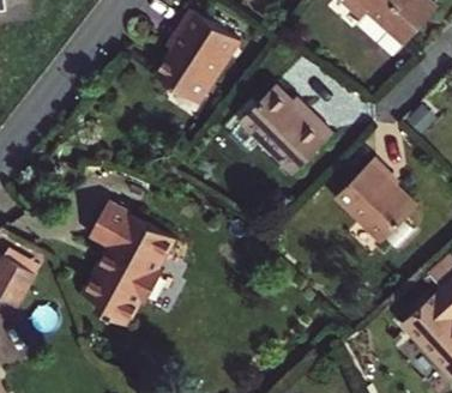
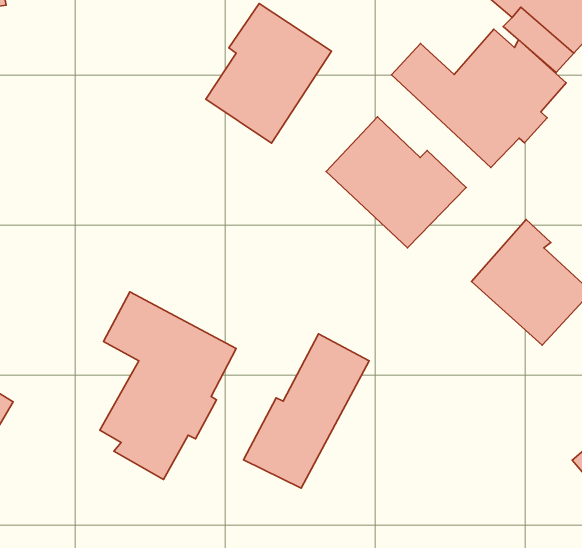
building: none -> [392,29,566,168]
building: none -> [244,334,369,488]

